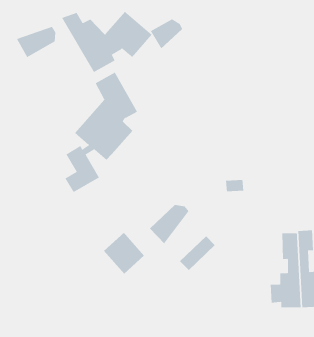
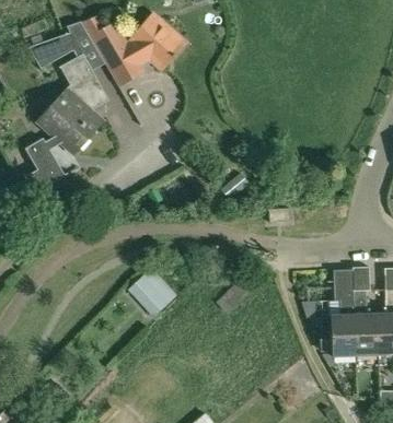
building: [150,19,183,49] -> none
building: [64,72,138,193] -> [24,55,108,193]
building: [149,204,189,244] -> none

